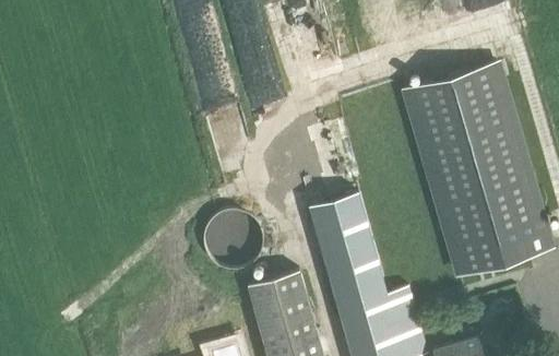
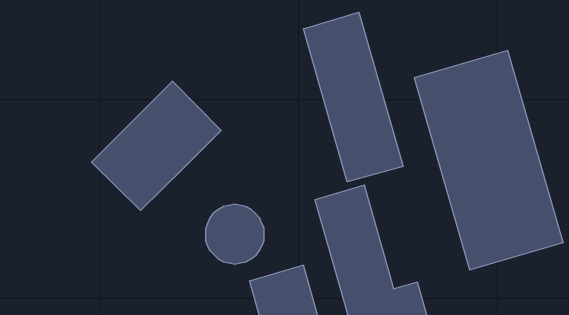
building: none -> [304,12,403,182]
building: none -> [92,81,221,210]

